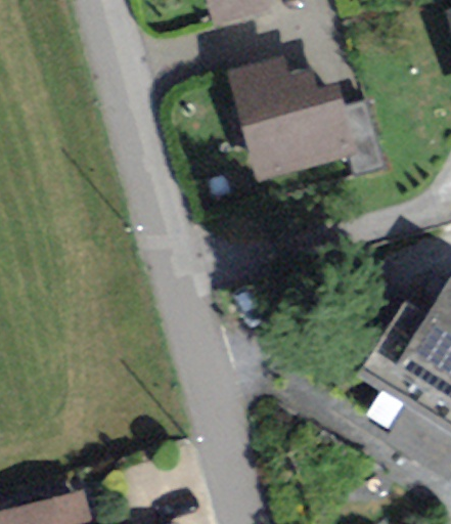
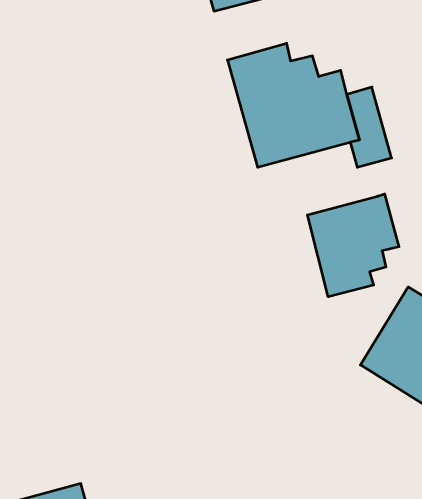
building: none -> [307,194,399,297]

